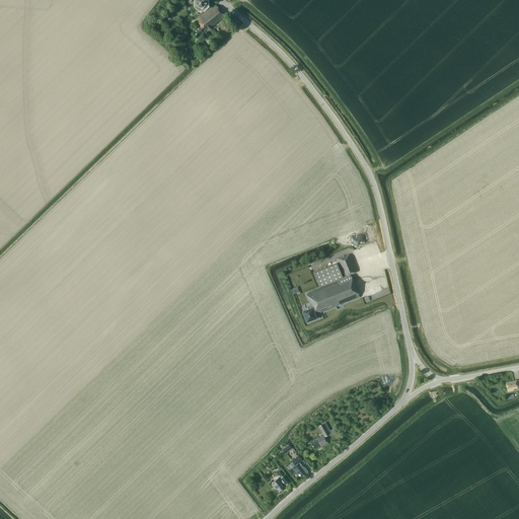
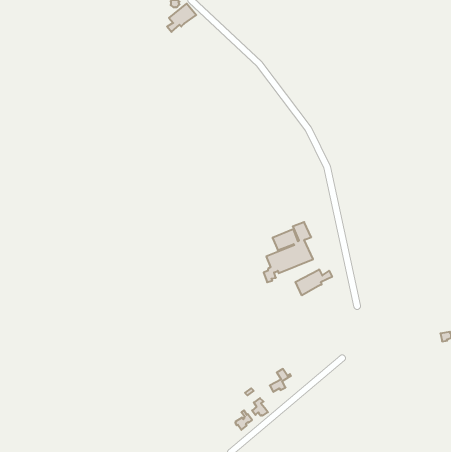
building: none -> [295,269,332,295]

